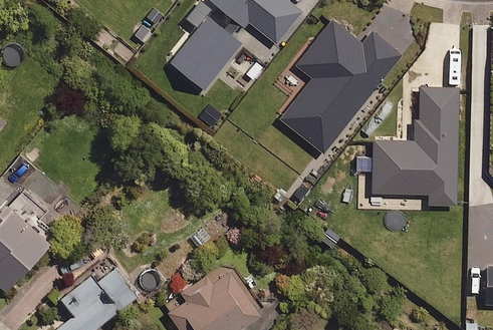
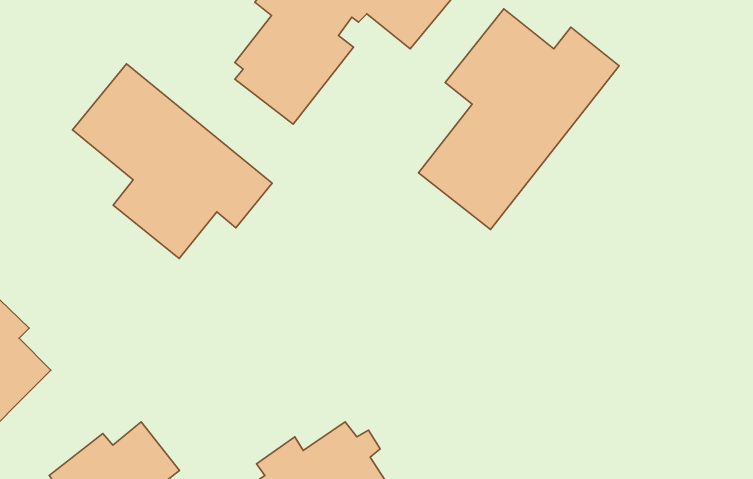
building: none -> [72,64,272,259]
building: [373,86,459,206] -> none

